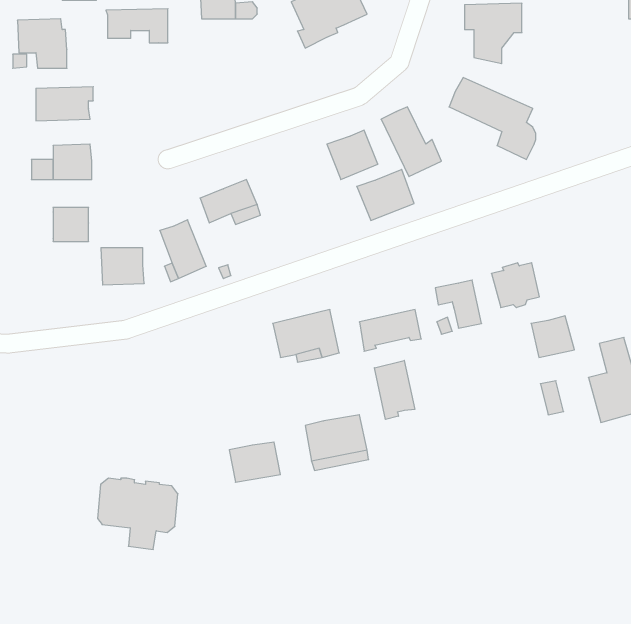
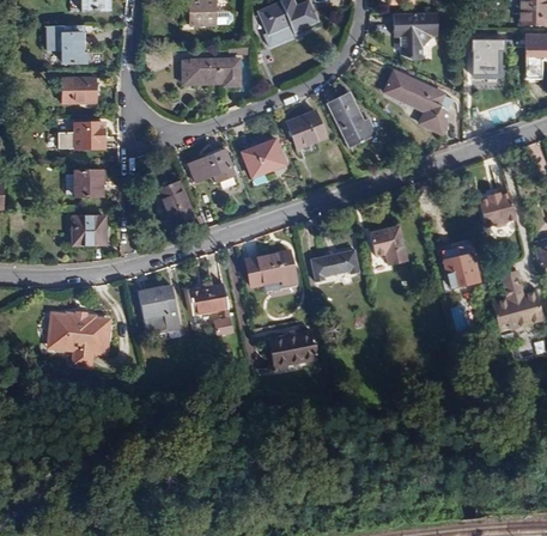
building: [106,9,168,43] -> [190,59,238,85]
building: none -> [466,39,499,75]
building: [357,169,414,220] -> [241,138,285,177]
building: [101,248,144,285] -> [72,215,105,244]
building: [491,263,539,308] -> [478,191,515,226]
building: none -> [138,285,181,334]
building: [374,360,415,419] -> none
building: [229,442,280,482] -> [188,284,227,315]
building: [98,478,178,549] -> [48,312,110,367]

